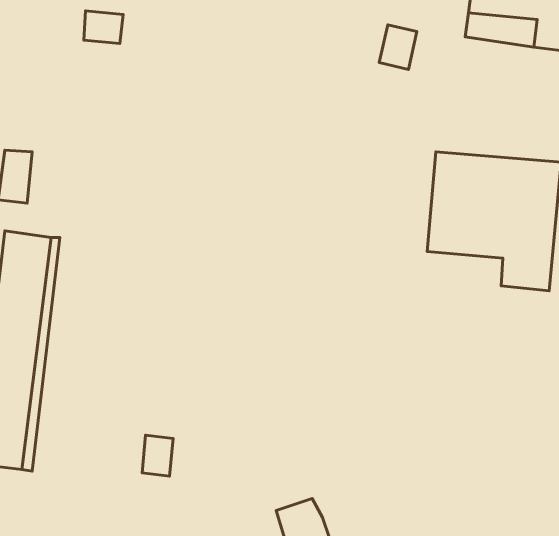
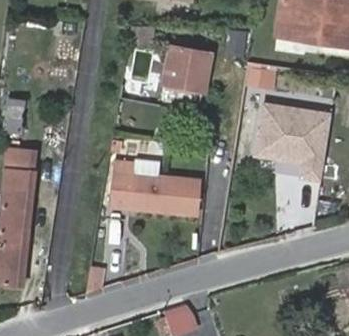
building: none -> [163,46,211,89]
building: none -> [111,159,199,213]

